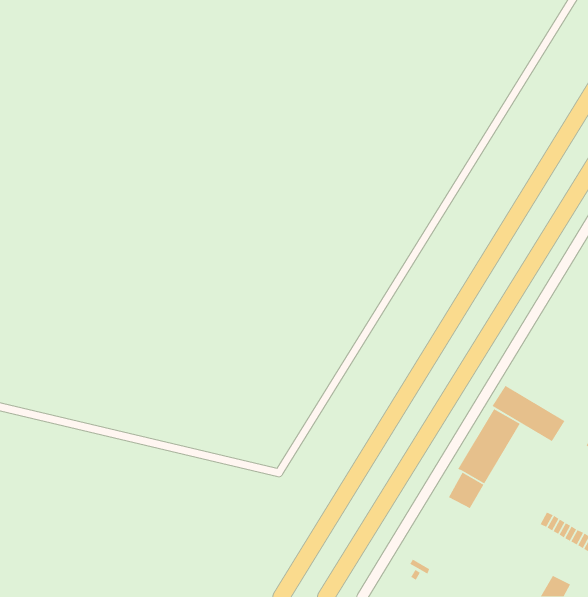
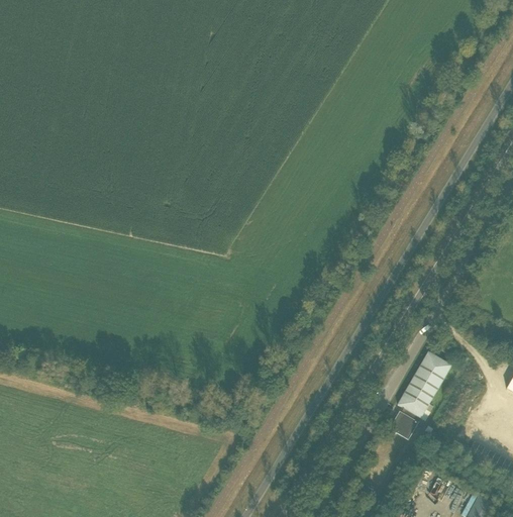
building: [492,385,566,442] -> none

